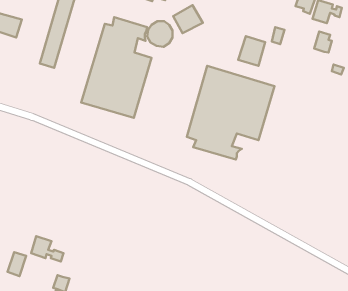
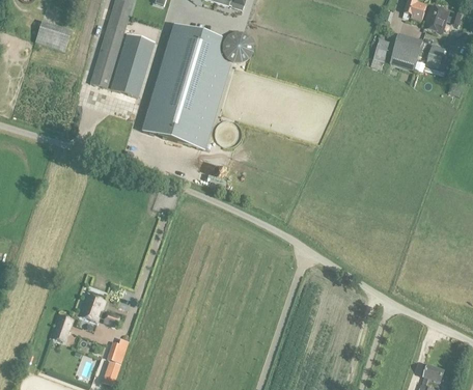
building: [173,5,203,33] -> none
building: none -> [110,33,155,98]
building: [238,36,265,66] -> [390,33,423,69]
building: [187,66,275,160] -> none

